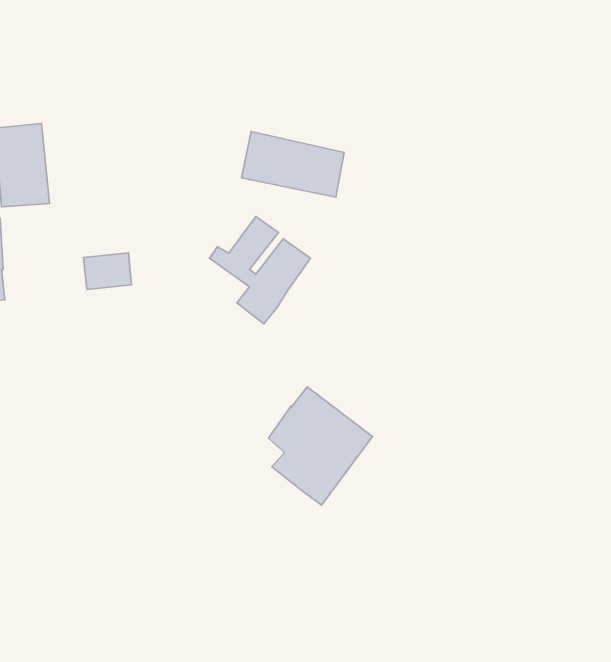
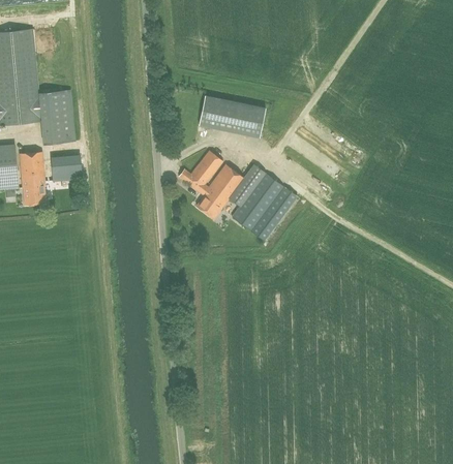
building: [84,253,132,290] -> [51,156,82,180]
building: [269,387,373,505] -> [229,163,296,240]

